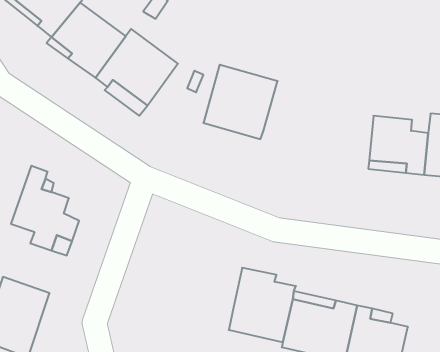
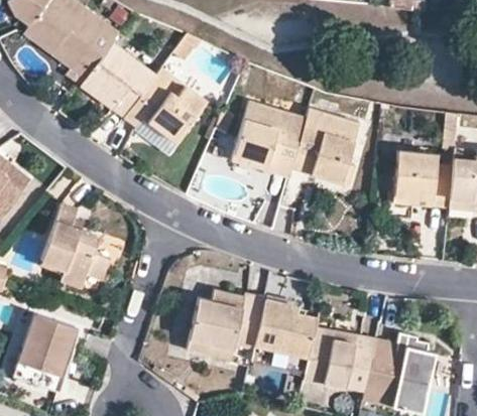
building: none -> [290,110,357,184]
building: none -> [190,292,270,360]

